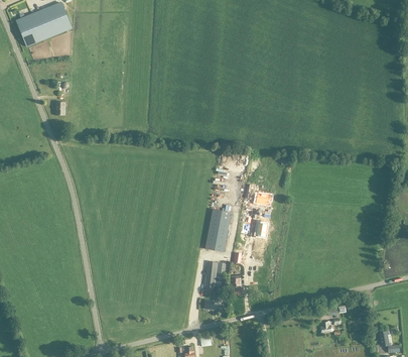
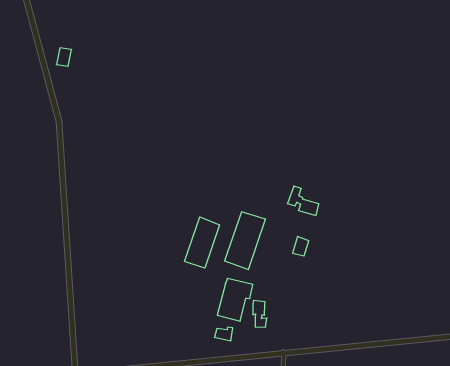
building: none -> [184,217,219,268]

